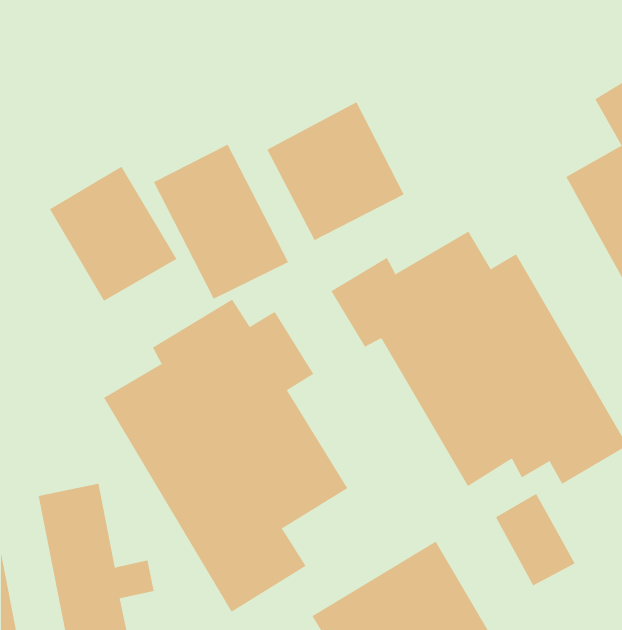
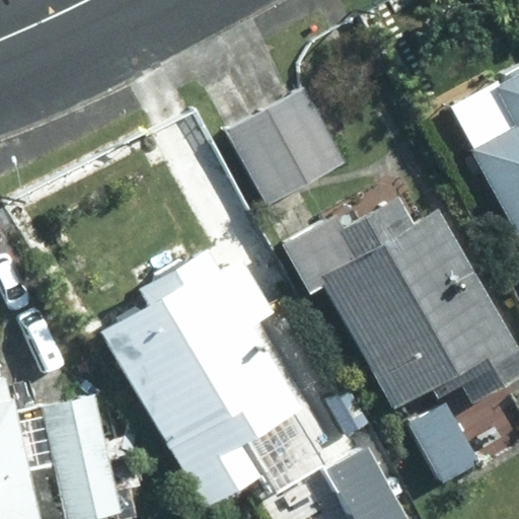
building: [153,144,289,300] -> none
building: [49,166,177,301] -> none

